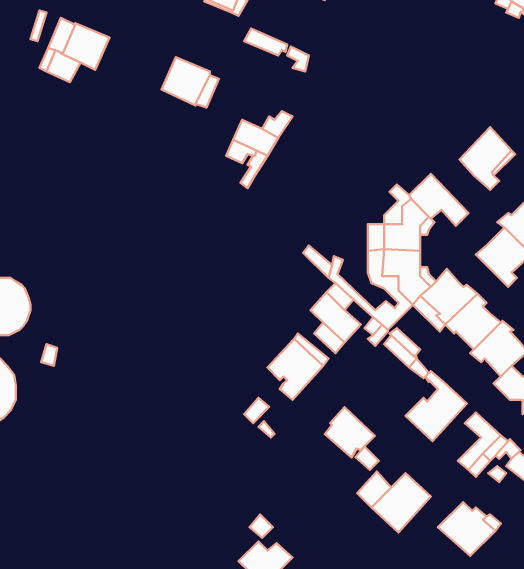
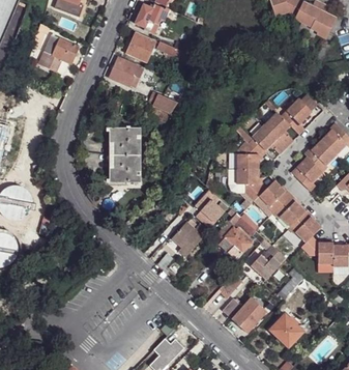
building: none -> [126,32,155,62]
building: none -> [264,113,293,148]
building: none -> [108,130,140,182]
building: [325,407,375,457] -> [221,228,250,257]

